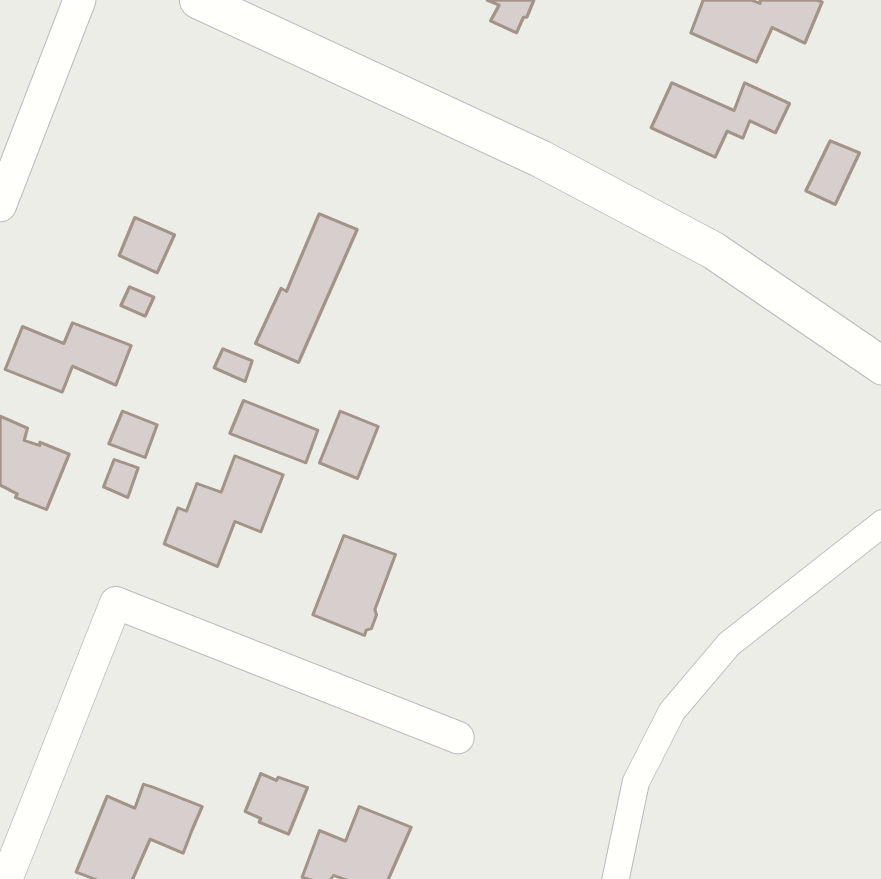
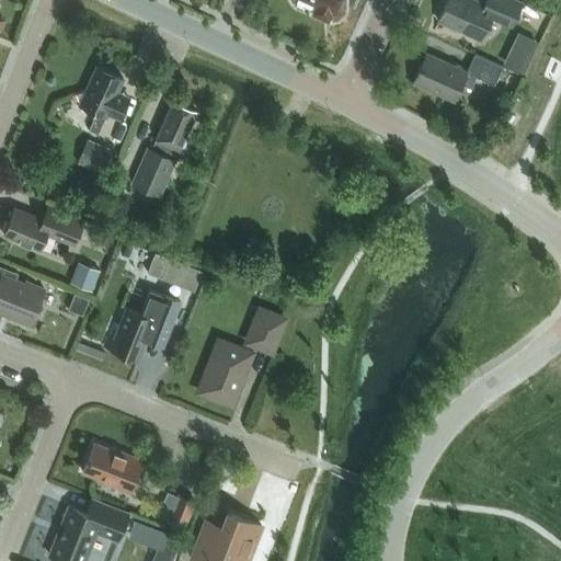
building: none -> [78,68,130,135]
building: [806,141,860,205] -> [504,32,538,72]
building: [255,214,357,362] -> [133,102,197,196]
building: [319,411,378,478] -> [248,310,285,353]
building: none -> [83,444,142,494]
building: none -> [128,522,170,552]

